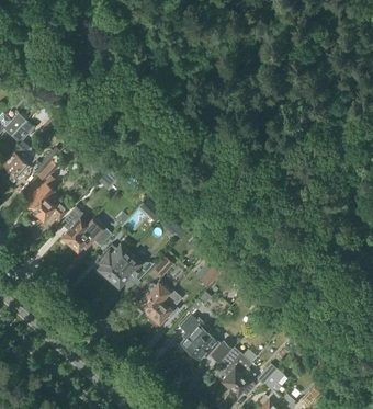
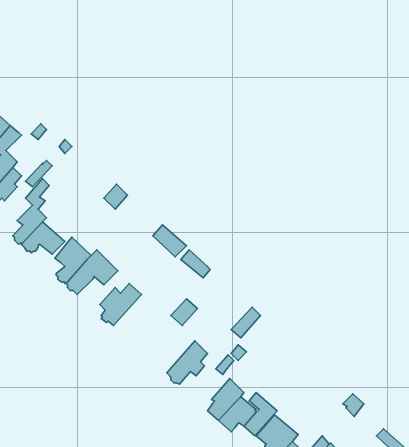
building: [108,253,155,287] -> none
building: [138,281,171,315] -> none

